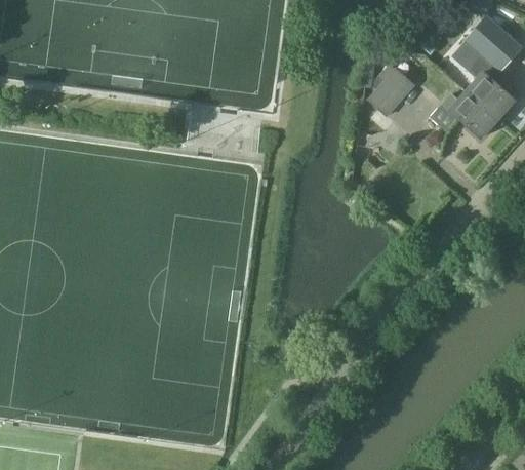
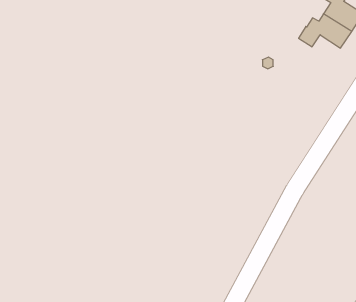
building: [368,69,414,115] -> none

